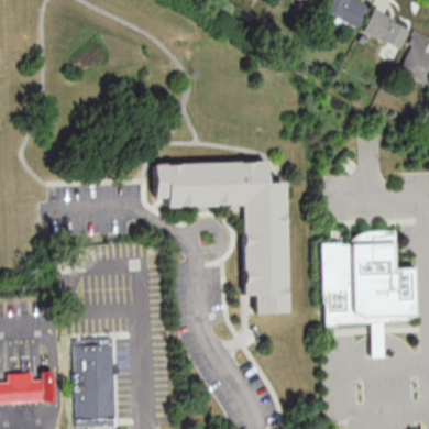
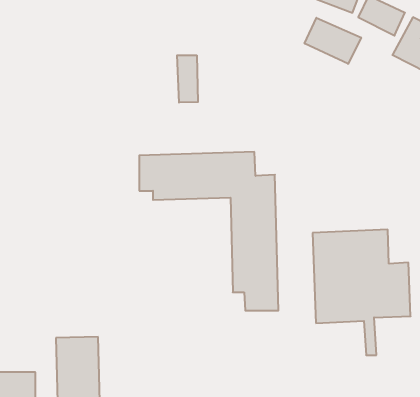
building: none -> [305,18,361,64]
building: none -> [177,55,198,103]

